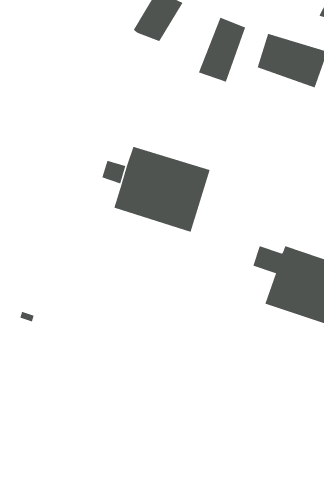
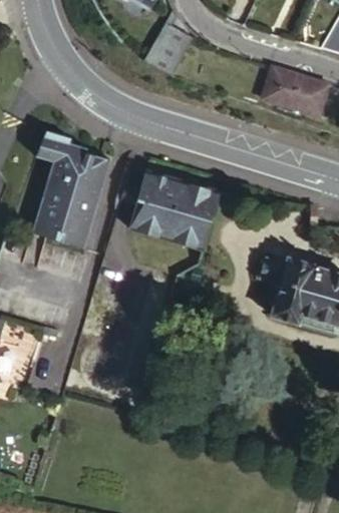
building: [198,17,246,83] -> none
building: none -> [33,128,109,247]

